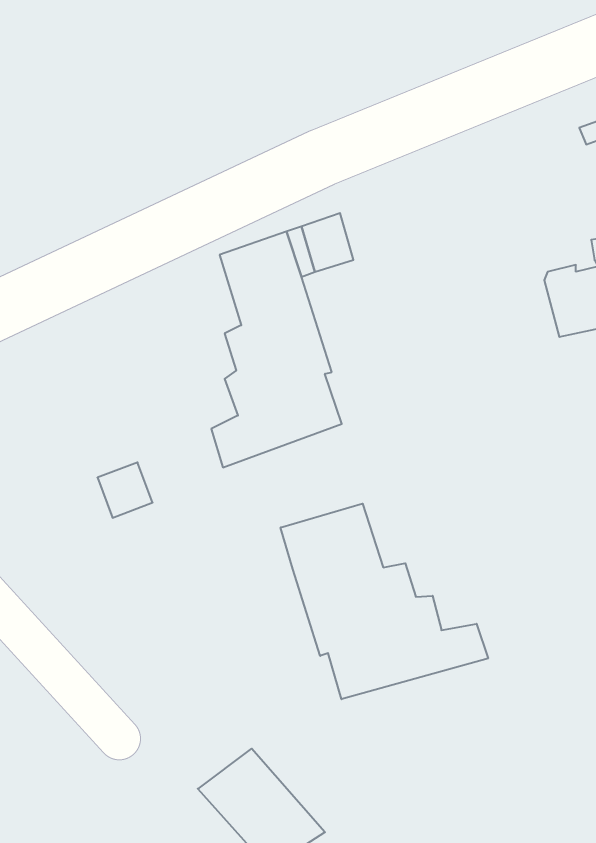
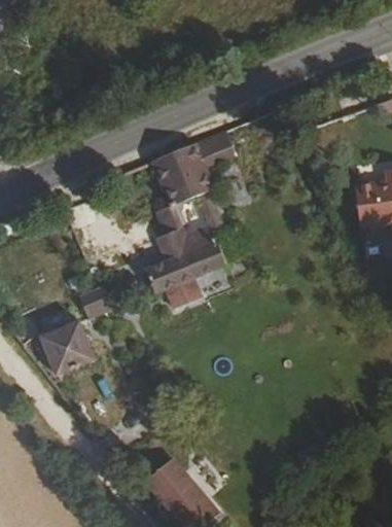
building: [281,504,488,699] -> none
building: none -> [40,328,93,383]

